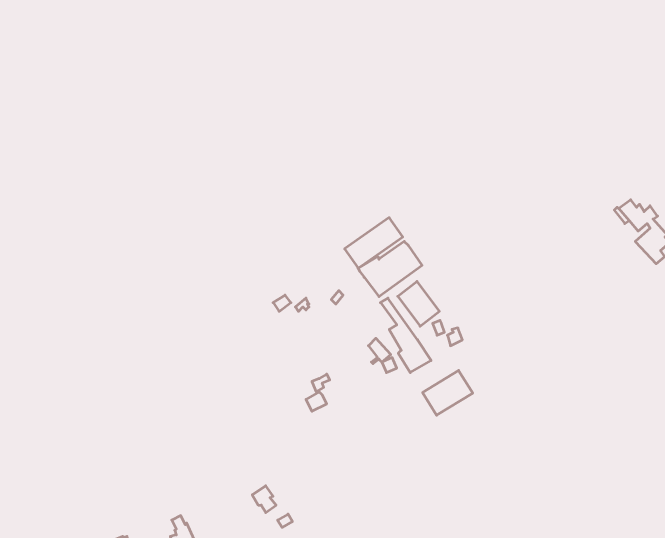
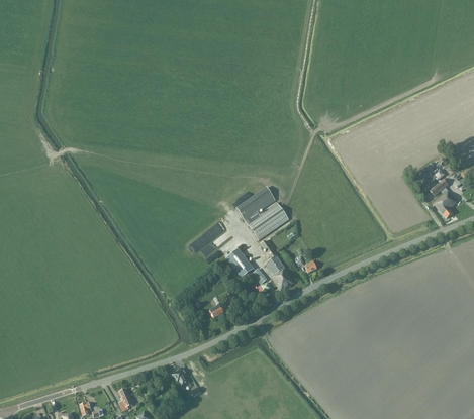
building: [398,281,439,326] -> [225,248,254,279]
building: [423,370,473,415] -> none

